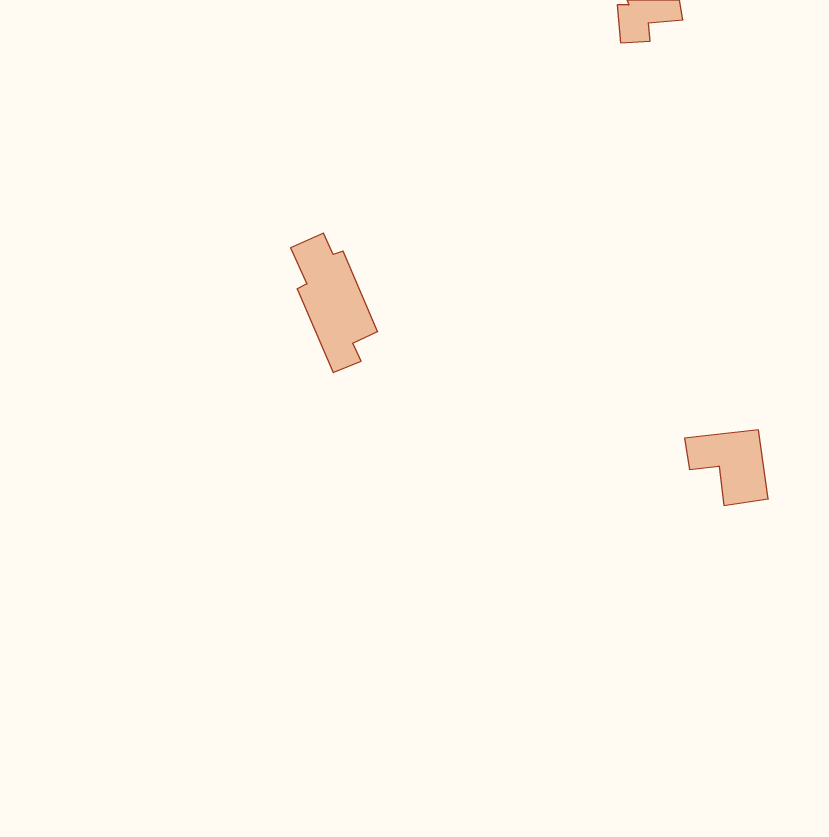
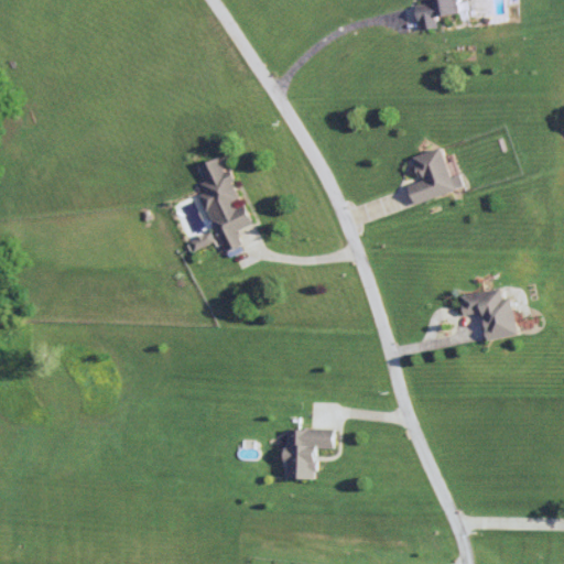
building: none -> [409,148,463,204]
building: none -> [284,430,332,479]

